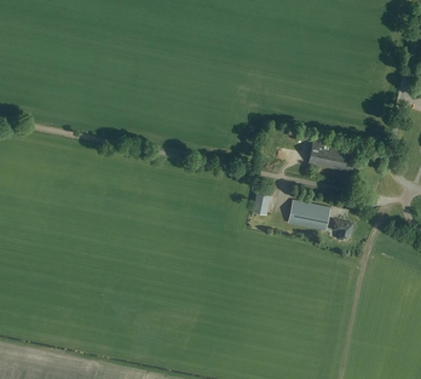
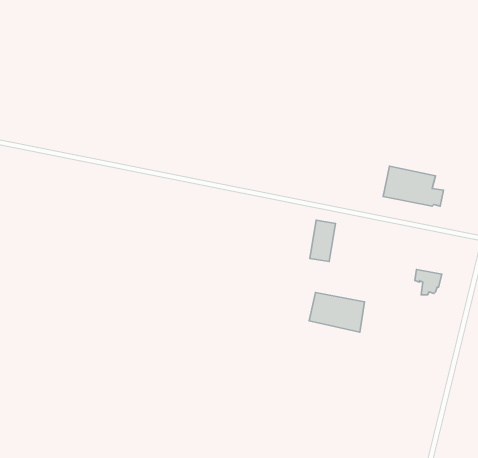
building: [287,200,329,230] -> [309,292,365,332]

